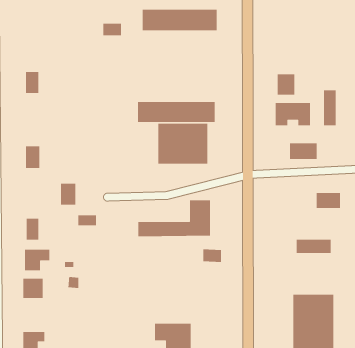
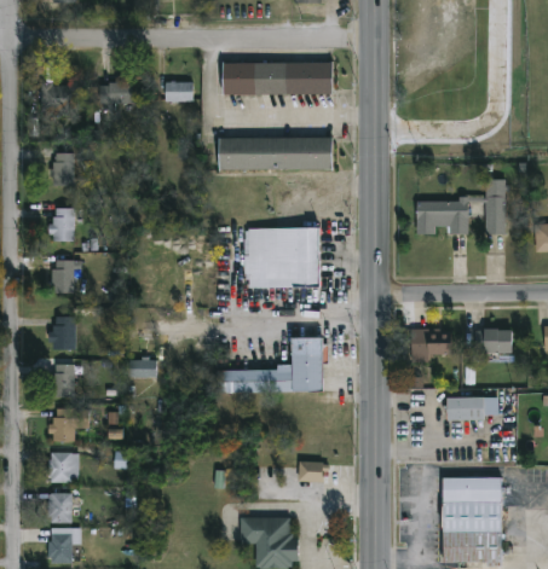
building: none -> [100,81,133,104]
building: none -> [41,85,79,110]
building: [277,73,295,96] -> none
building: [137,101,215,123] -> [219,138,333,169]
building: none -> [53,208,75,242]
building: [289,142,317,160] -> [409,327,450,353]
building: [60,183,76,205] -> [53,317,76,349]
building: [203,249,222,263] -> [300,460,328,481]
building: none -> [50,493,73,522]

